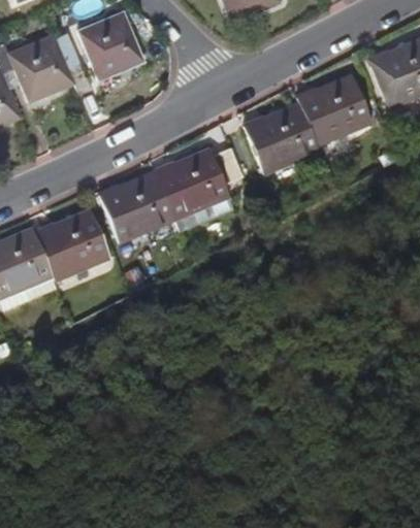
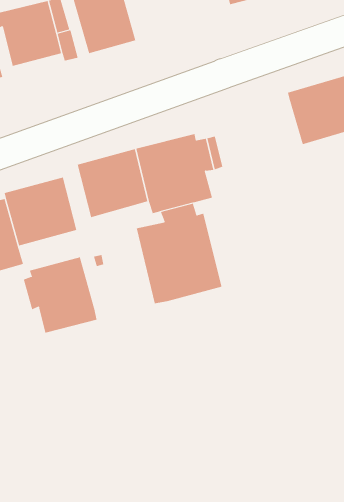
building: [244,101,318,172] -> none
building: none -> [136,203,222,304]
building: none -> [23,256,97,334]

